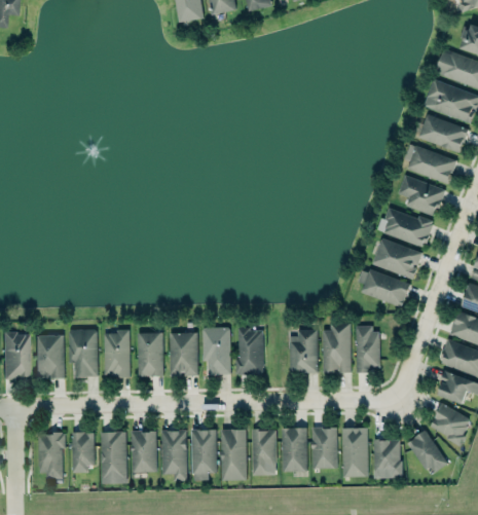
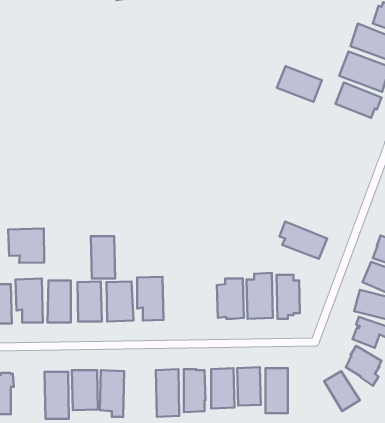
building: [407,145,456,184] -> [277,66,322,102]
building: [398,175,444,217] -> none
building: [377,208,434,247] -> none
building: [372,237,422,280] -> none
building: none -> [8,229,44,263]
building: none -> [91,236,115,279]
building: [236,328,263,374] -> none
building: [191,429,218,474] -> none
building: [71,432,95,473] -> none
building: [373,439,402,477] -> none

